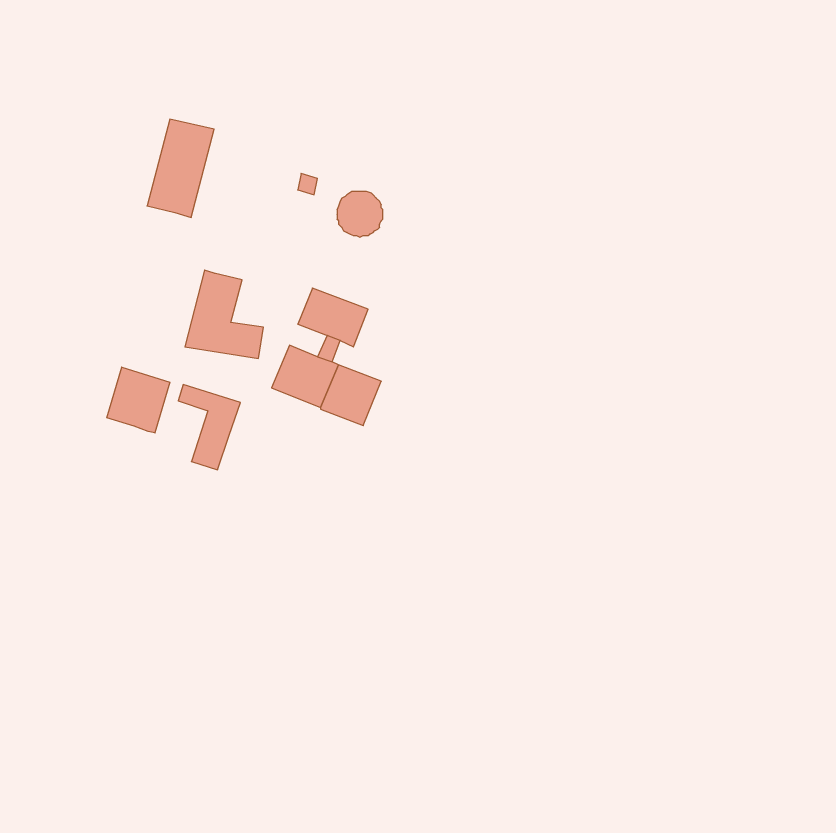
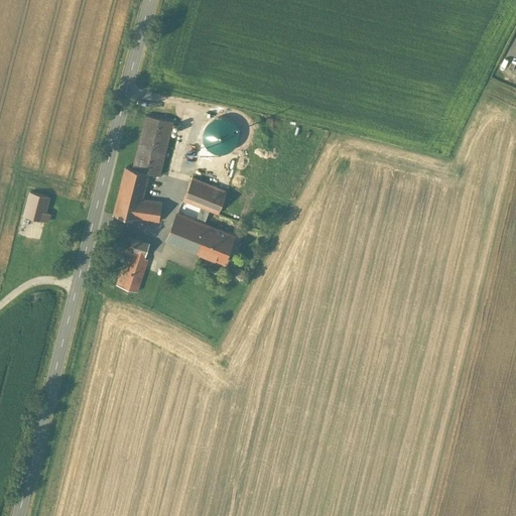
building: [147,119,214,217] -> [132,117,173,177]
building: none -> [24,192,50,224]
building: [107,367,170,433] -> none

